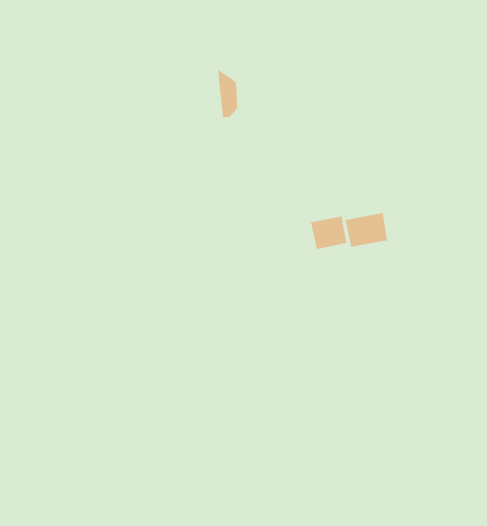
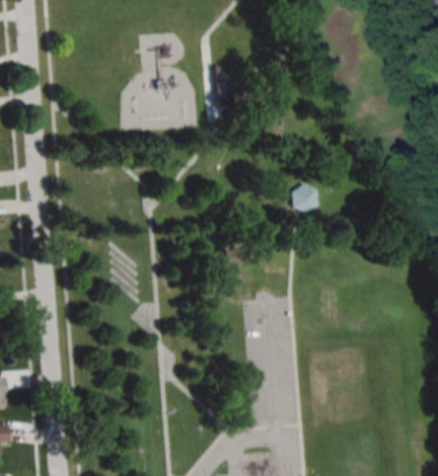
building: [345,212,388,248] -> none

